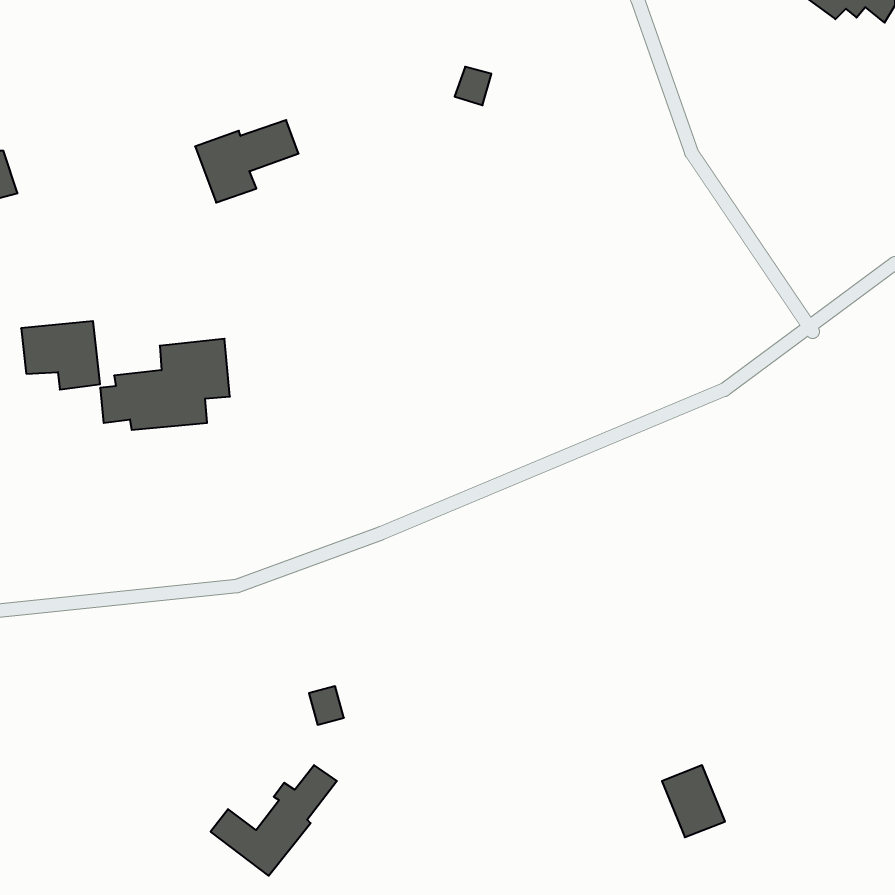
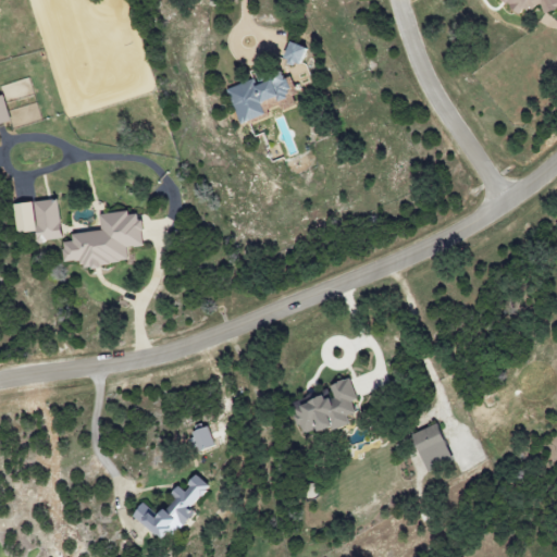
building: [195,120,299,203] -> [226,72,290,123]
building: none -> [292,377,356,434]
building: [662,765,725,837] -> [411,423,450,468]

